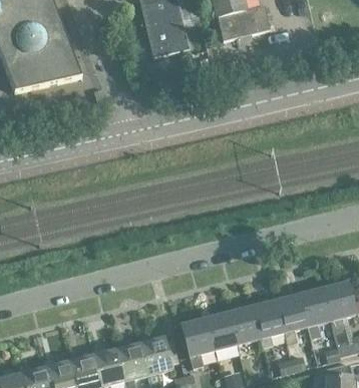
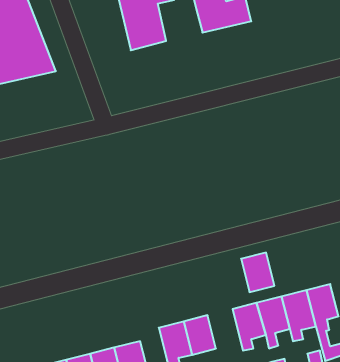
building: [229,306,261,344] -> [241,253,274,292]

